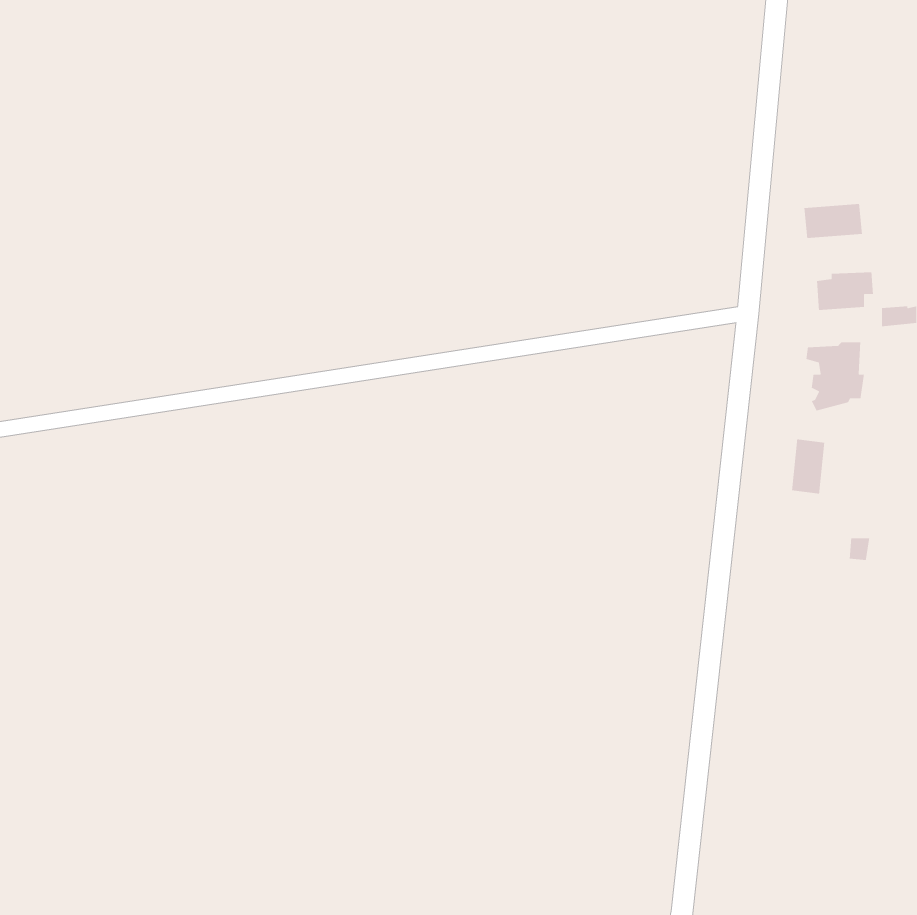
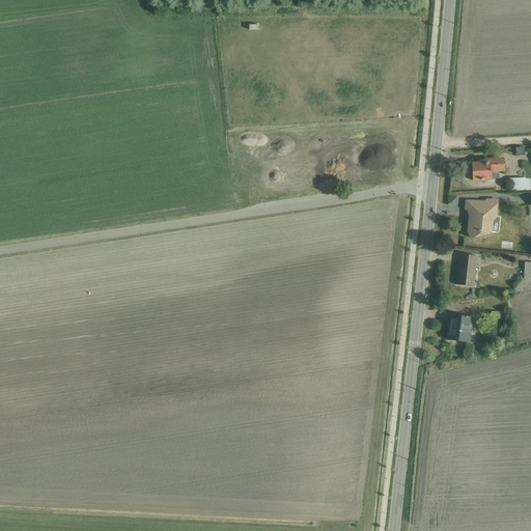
building: [803,203,863,239] -> none
building: none -> [446,313,472,341]

